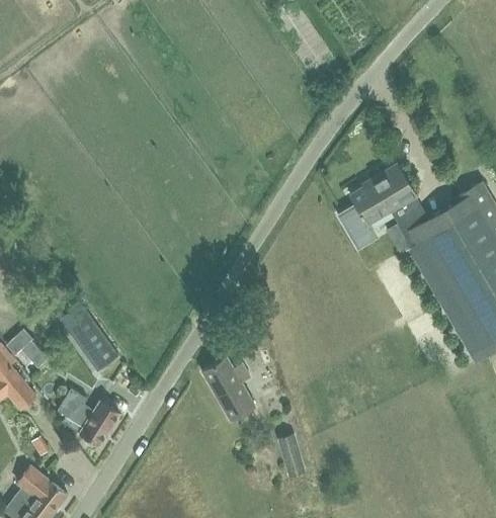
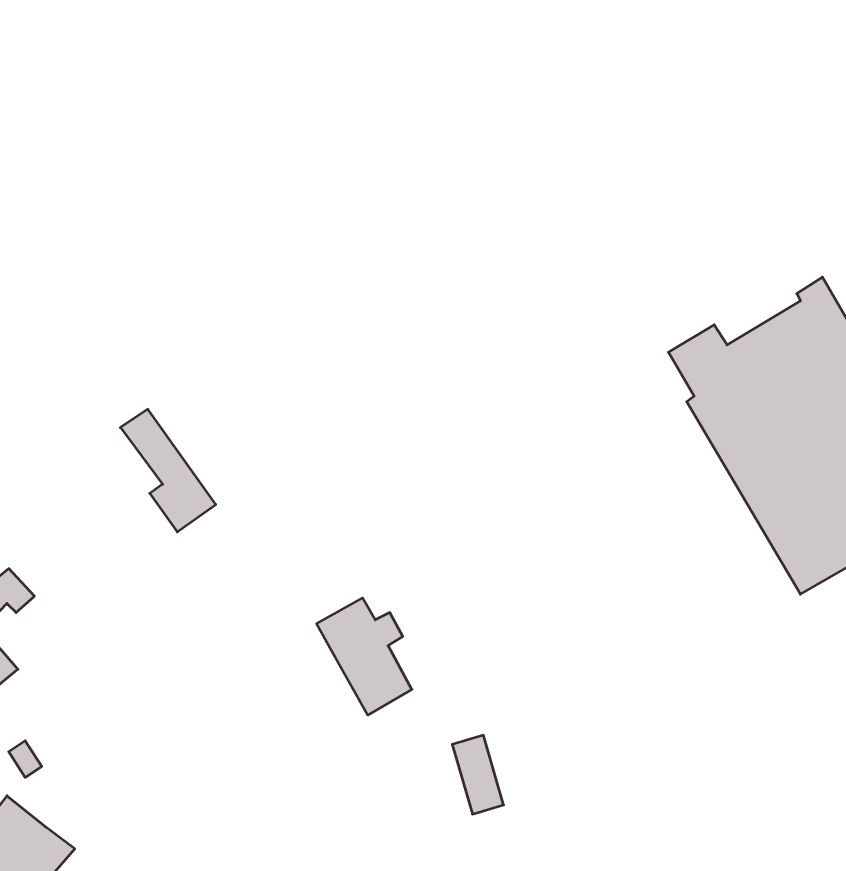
building: [340,164,417,245] -> none
building: [67,304,119,371] -> [120,409,216,532]
building: [58,388,120,446] -> none

